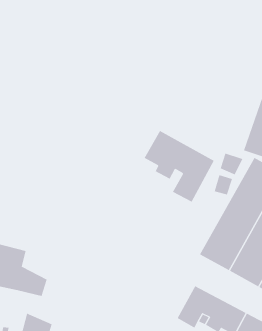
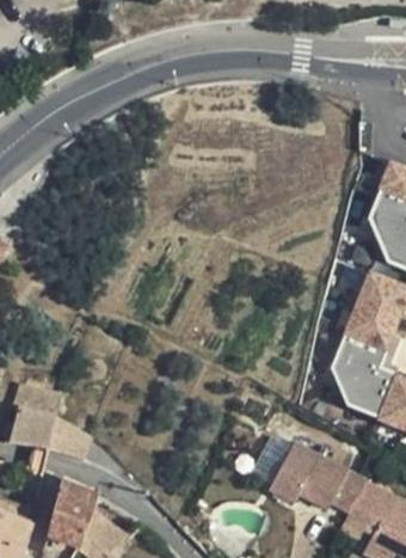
building: [144,130,215,202] -> none

